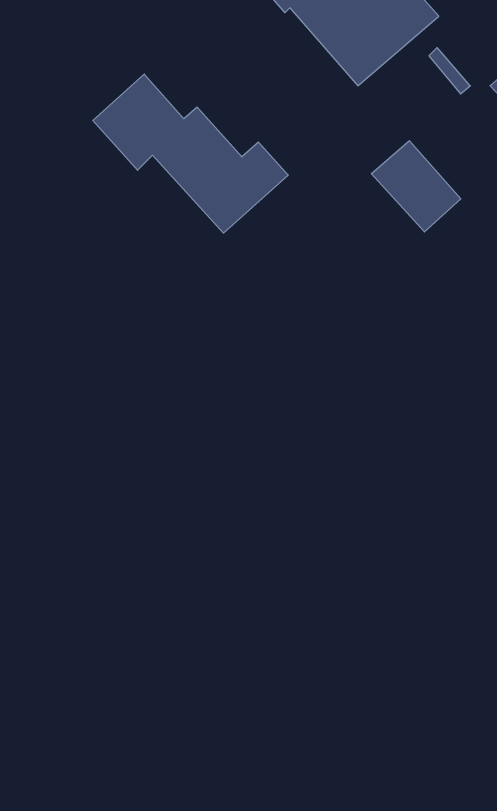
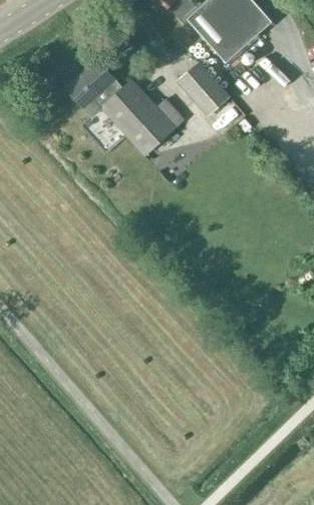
building: [371,141,461,232] -> [175,60,229,115]

